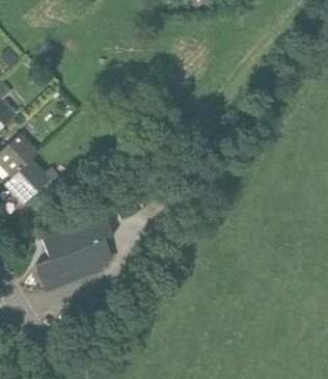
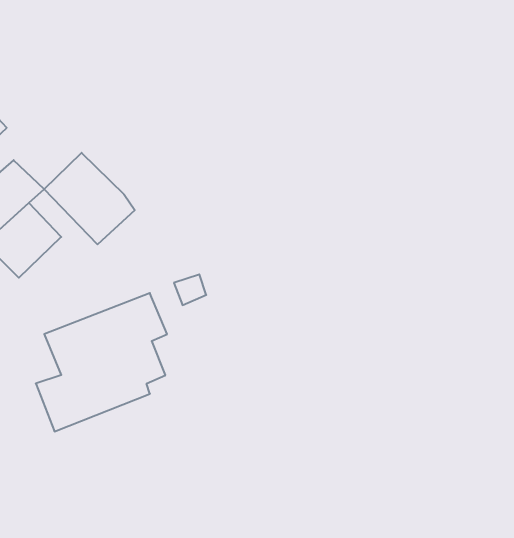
building: none -> [44,153,135,244]

